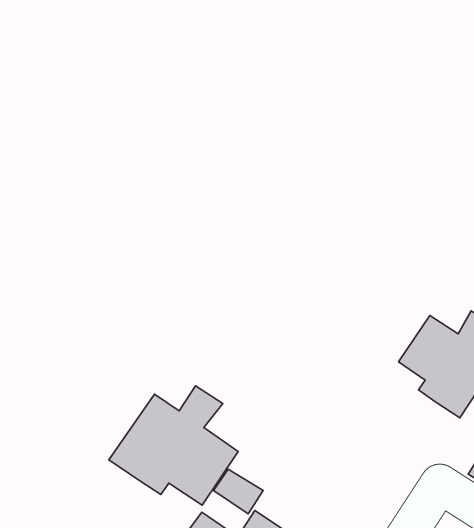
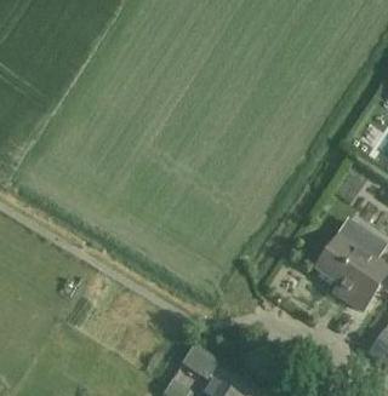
building: [109,386,238,505] -> none

